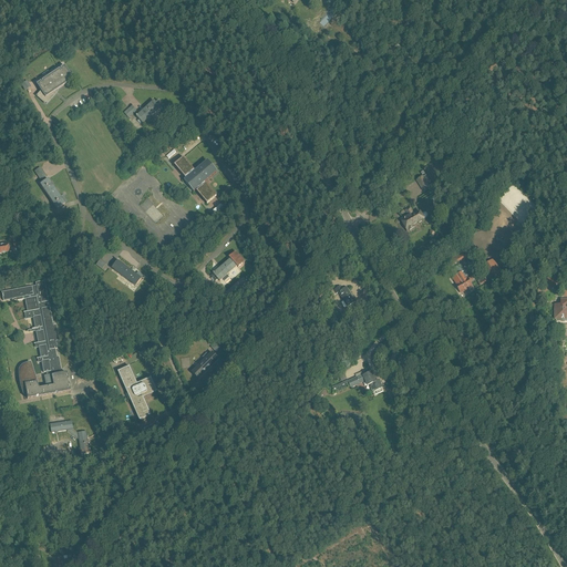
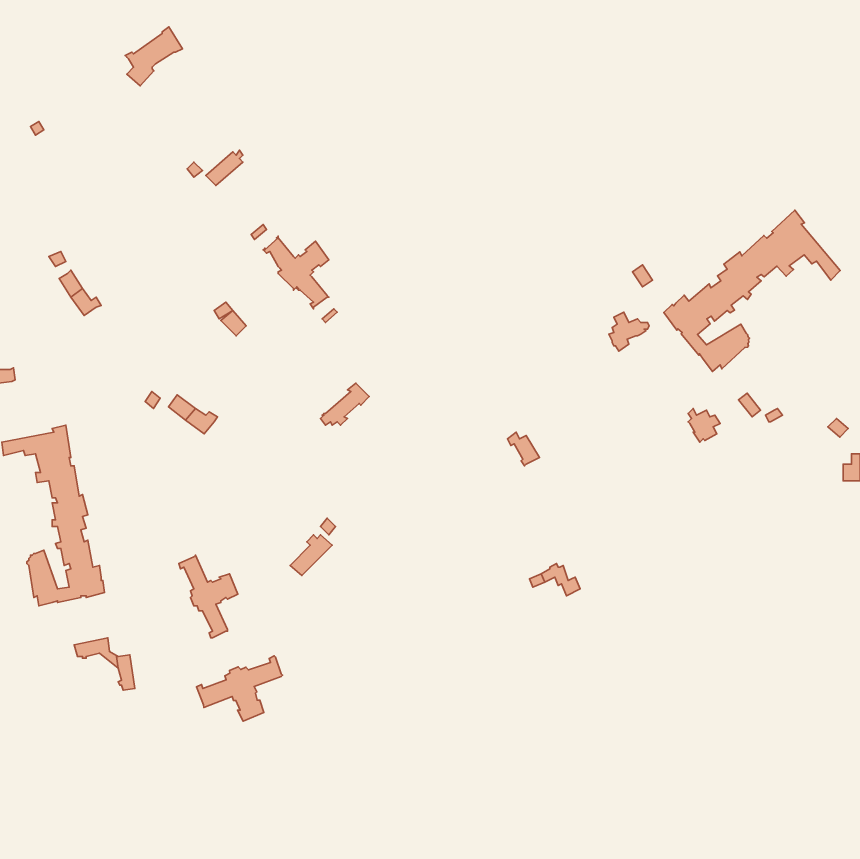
building: [34,63,72,102] -> [125,27,182,86]
building: none -> [664,210,840,372]
building: none -> [197,656,282,721]

